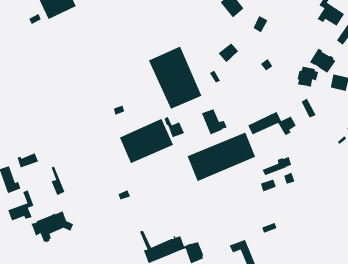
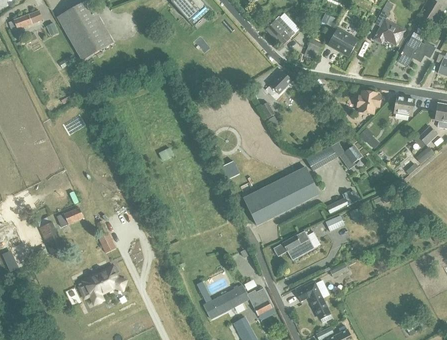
building: [148,45,202,110] -> none
building: [309,47,337,74] -> [327,27,357,55]
building: [201,108,228,136] -> none
building: [119,118,174,164] -> none
building: [7,189,35,221] -> none
building: none -> [272,230,313,259]

